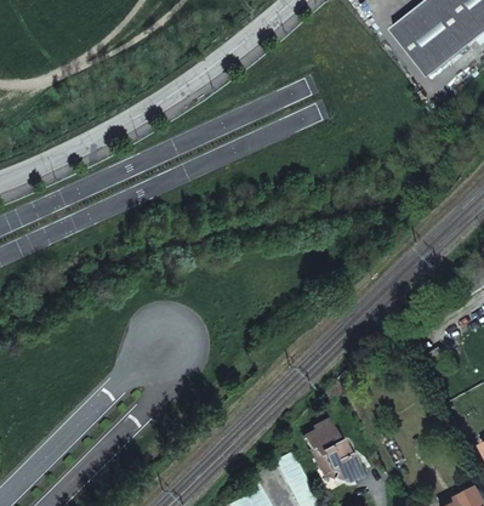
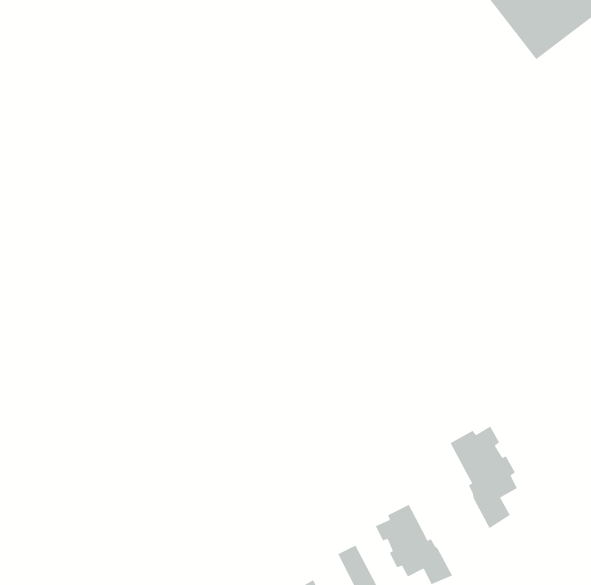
building: none -> [450,425,518,529]

